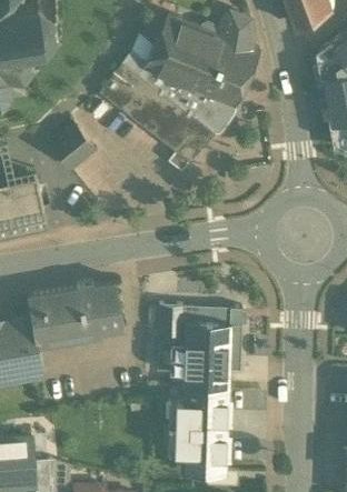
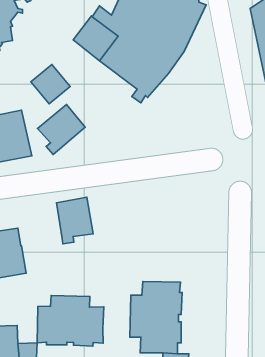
building: none -> [38,104,85,155]
building: [26,290,83,342] -> none
building: [156,305,240,386] -> none
building: none -> [37,296,104,346]

